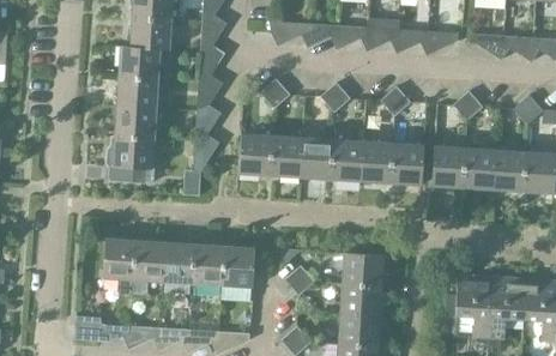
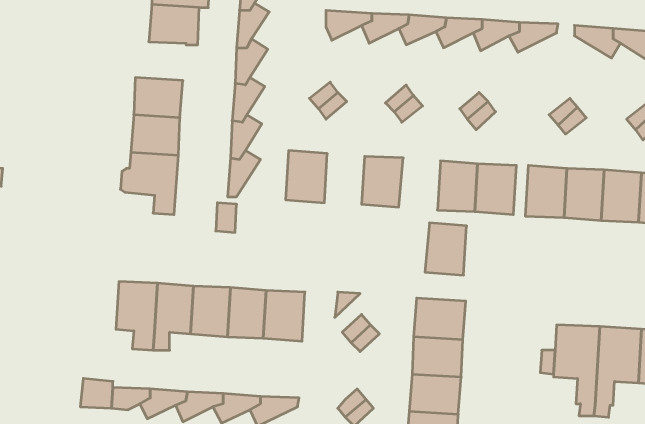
building: [119,46,159,78] -> none
building: [271,137,303,177] -> none
building: [331,140,364,182] -> [425,223,467,275]

